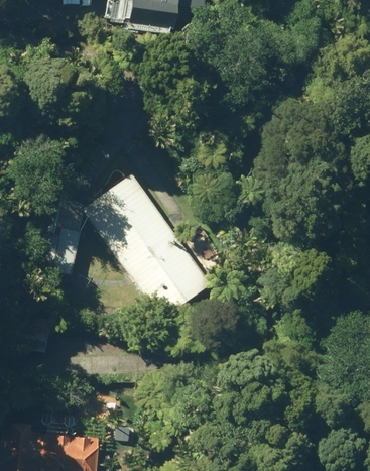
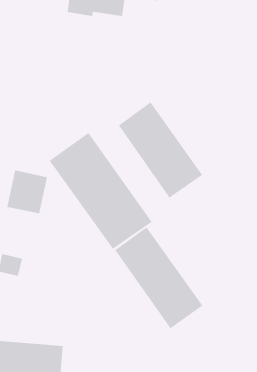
building: none -> [118,101,203,198]
building: none -> [115,226,203,329]

